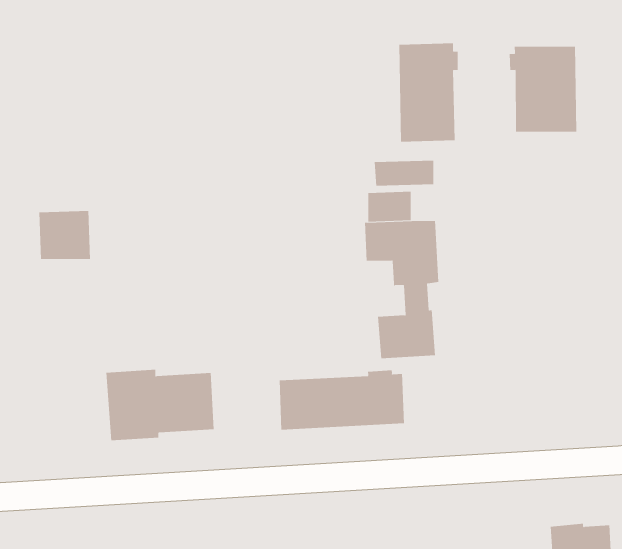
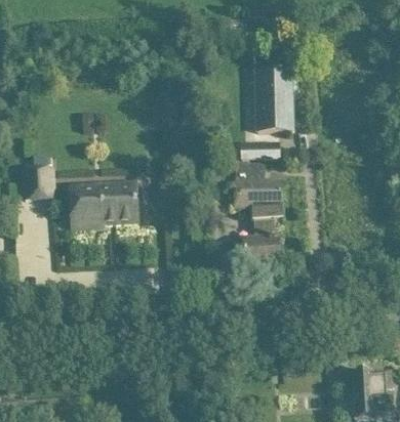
building: [509,46,577,133] -> none
building: [106,369,215,441] -> [71,181,139,226]
building: [279,369,404,430] -> none

